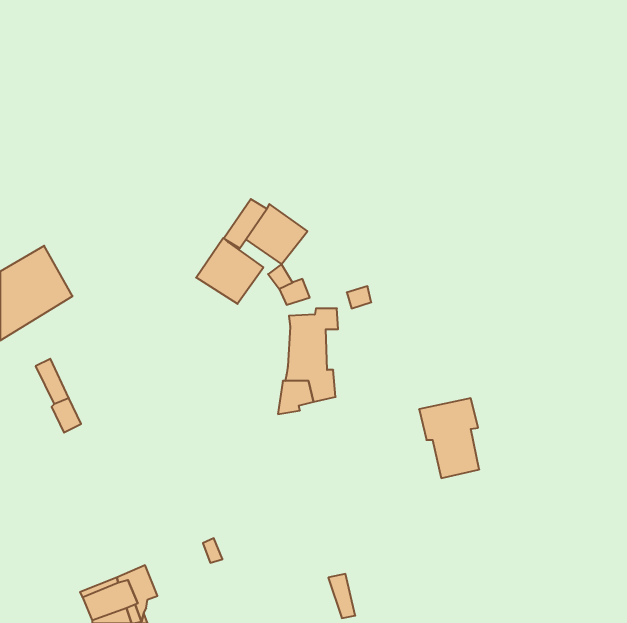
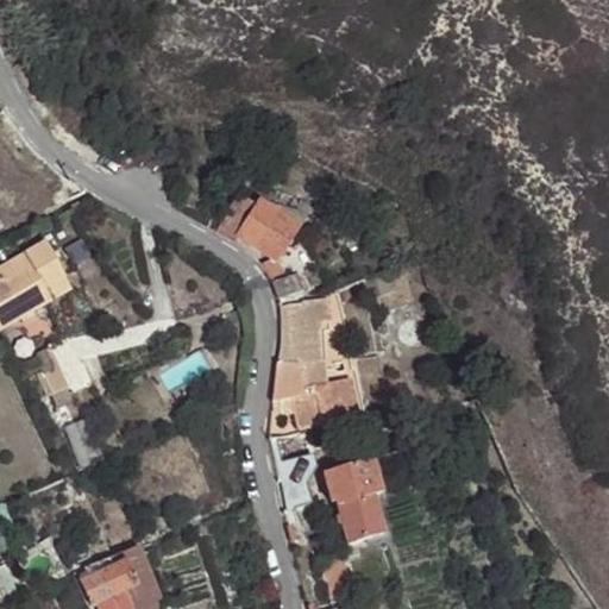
building: [196,238,263,304] -> none
building: none -> [290,381,351,425]
building: [419,398,479,478] -> [328,467,387,545]

